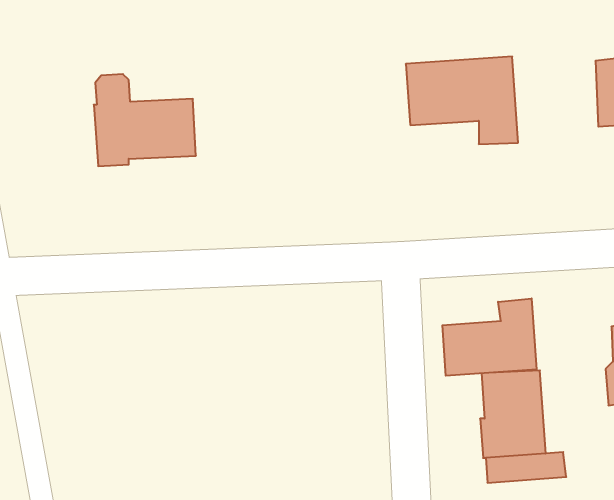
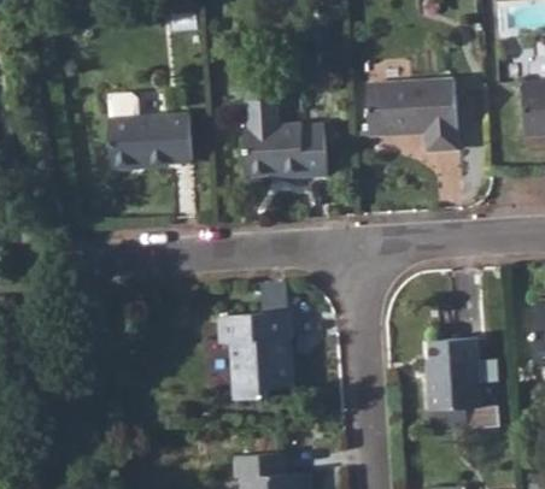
building: none -> [244,88,327,177]
building: [442,298,537,376] -> none
building: none -> [218,312,293,400]

